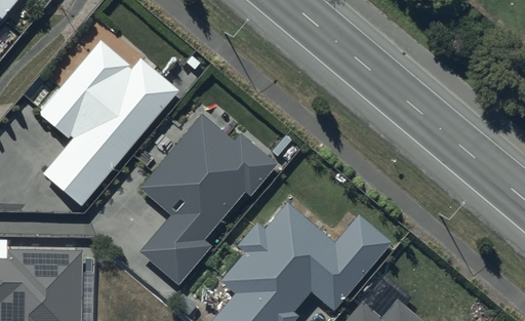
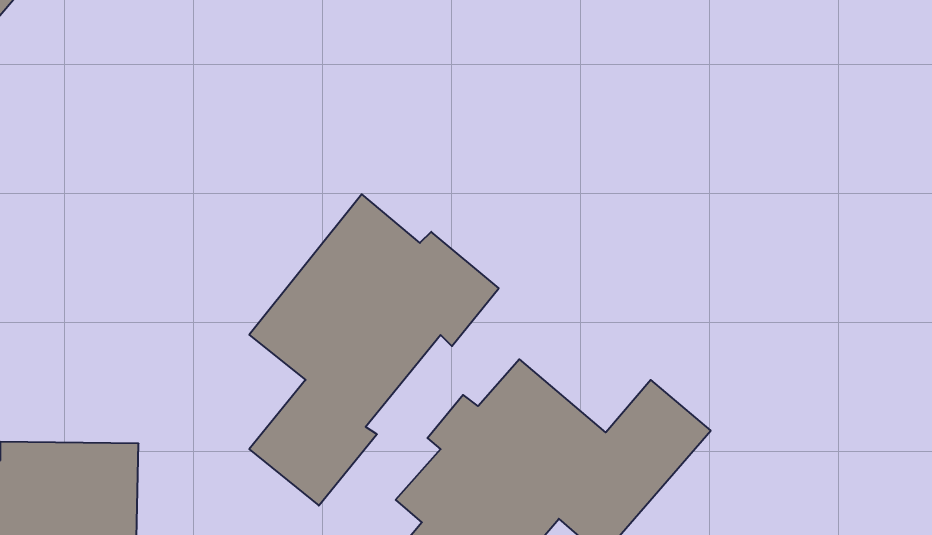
building: [40,40,178,205] -> none

